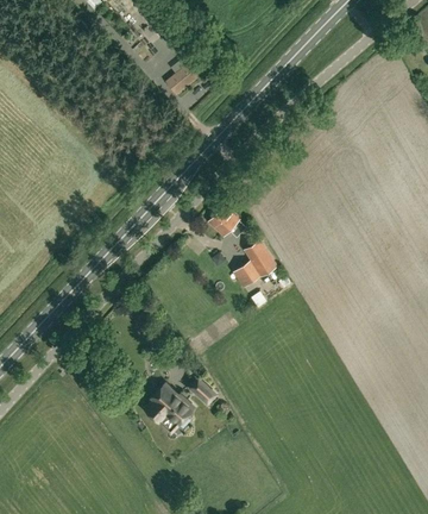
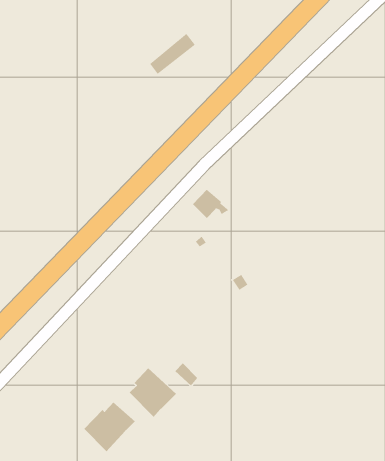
building: [233,240,276,287] -> none
building: none -> [83,401,136,452]

